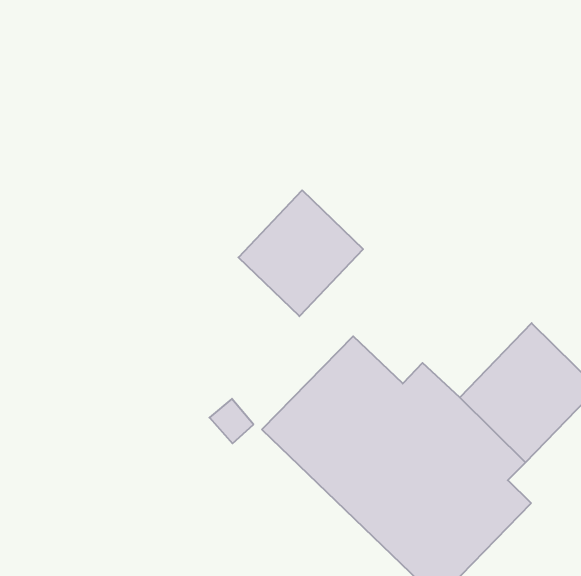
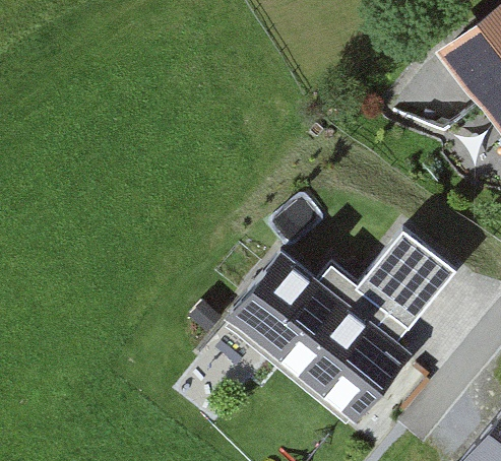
building: [238,190,363,316] -> none

